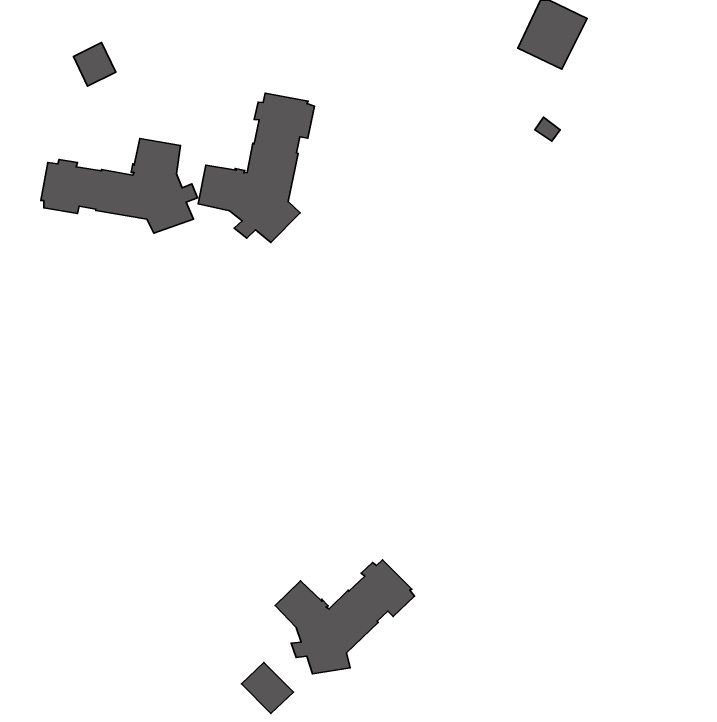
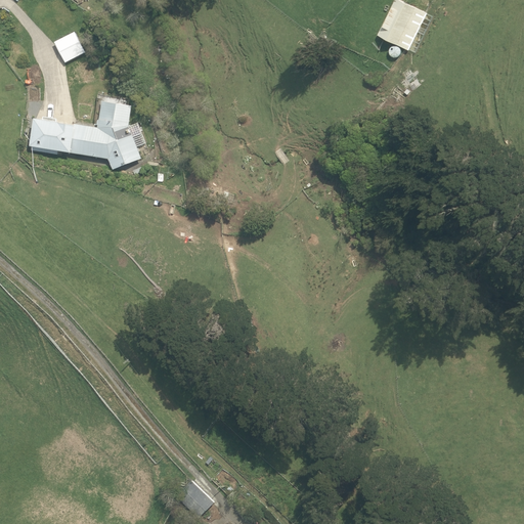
building: [198,93,314,242] -> none
building: [275,560,414,674] -> none

